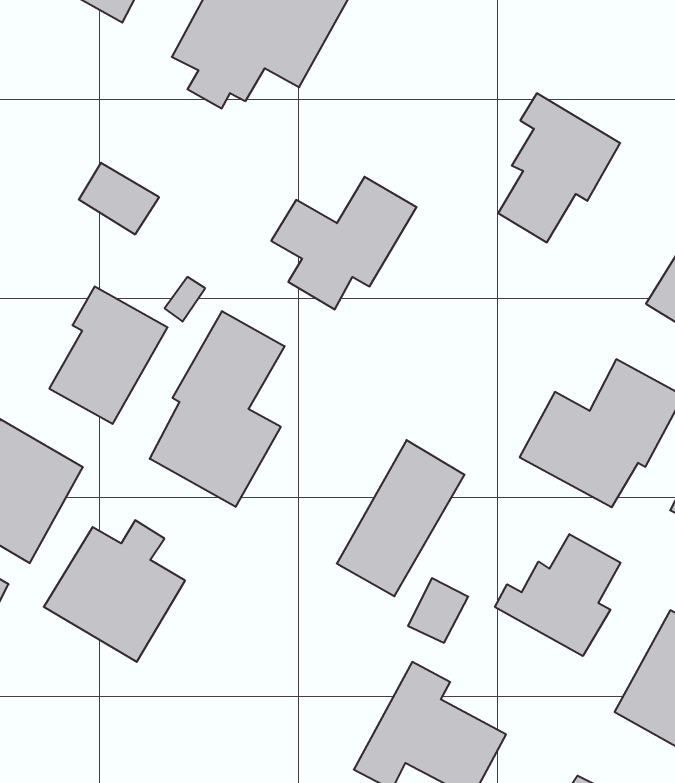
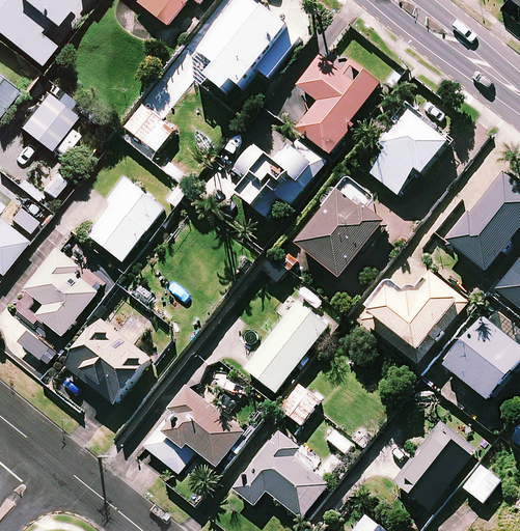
building: none -> [295,56,380,155]
building: none -> [298,173,382,277]
building: [150,311,285,507] -> none
building: [495,534,621,656] -> none
building: none -> [140,386,241,471]

